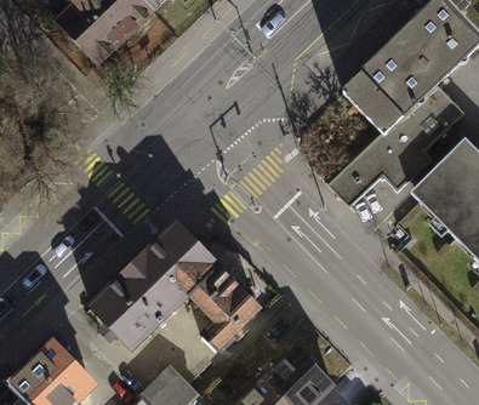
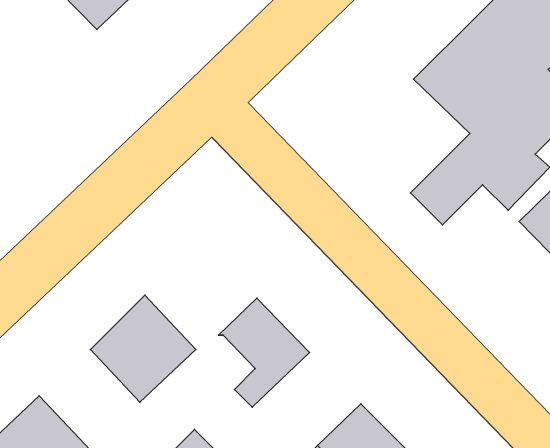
building: [133,221,218,302] -> none

